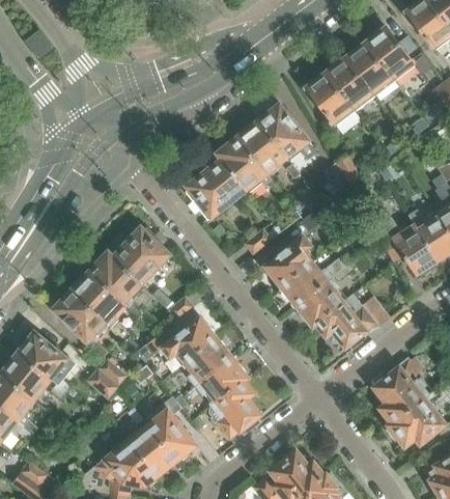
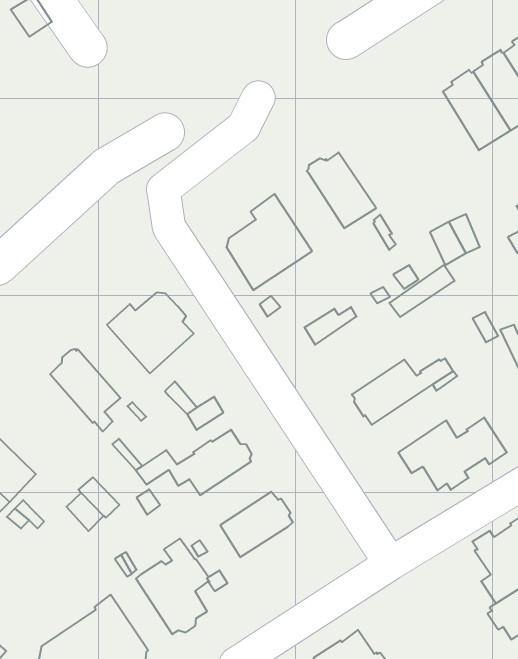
building: [305,73,354,128] -> none
building: [257,106,325,161] -> none
building: [216,138,271,192] -> none
building: [264,238,314,288] -> none
building: [89,253,140,304] -> none
building: [296,281,346,328] -> none
building: [52,290,108,359] -> none
building: [181,340,230,386] -> none
building: [208,383,263,441] -> none
building: [125,427,170,476] -> none

